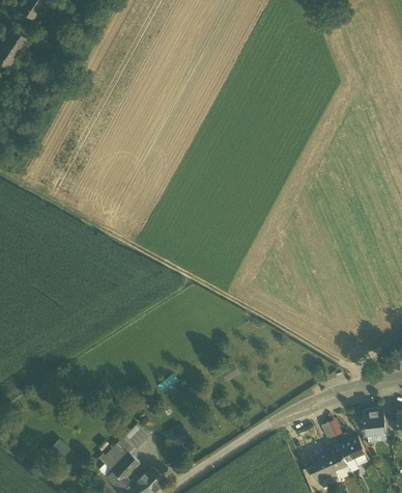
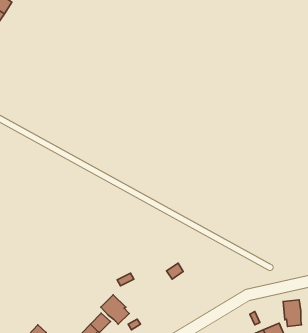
building: none -> [101,295,129,324]

